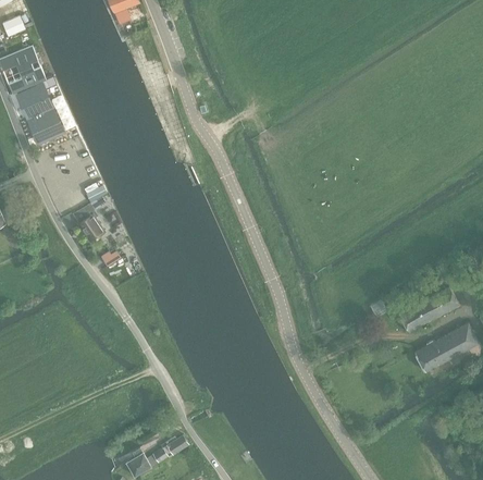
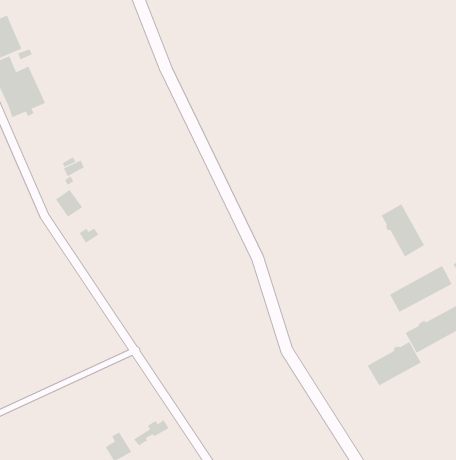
building: none -> [381,204,425,257]
building: none -> [367,341,421,386]

